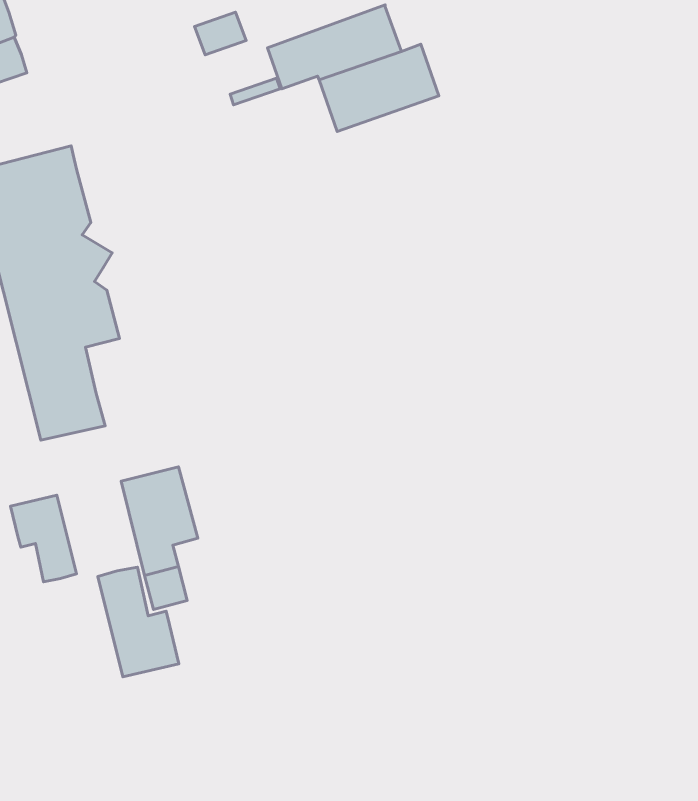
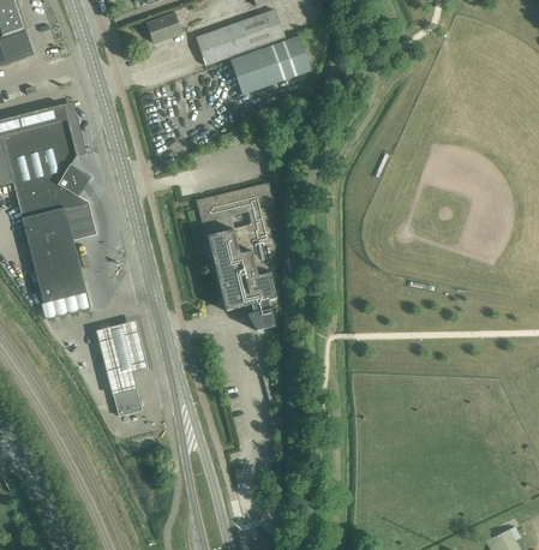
building: none -> [196,184,276,330]
building: [11,495,77,582] -> none
building: [98,567,179,677] -> none

